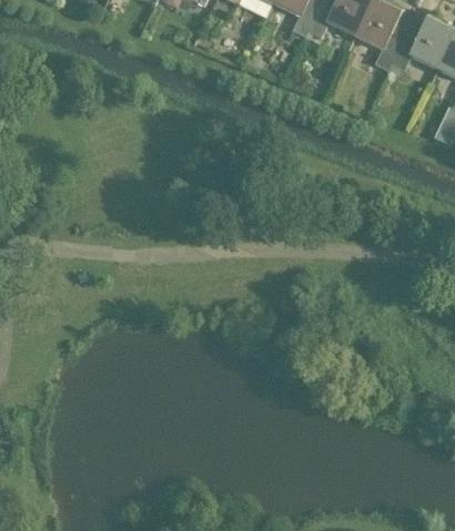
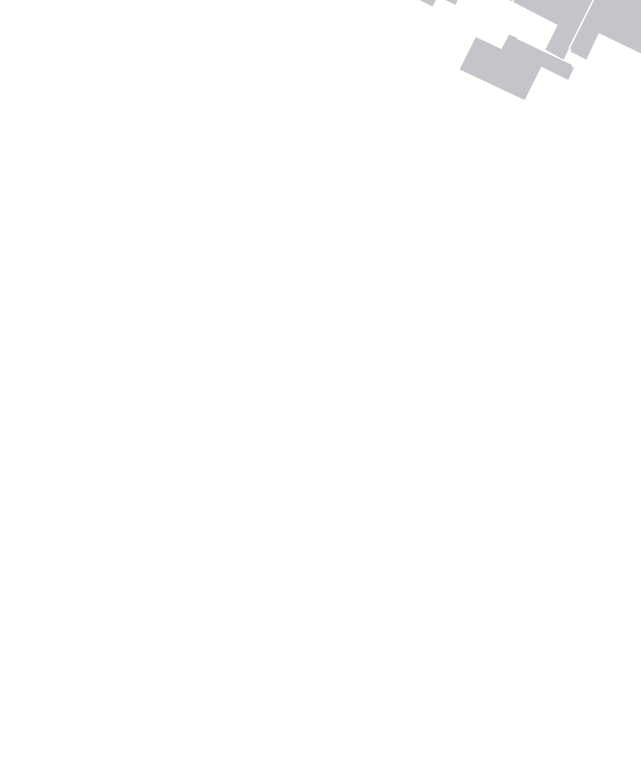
building: none -> [459,34,575,101]

